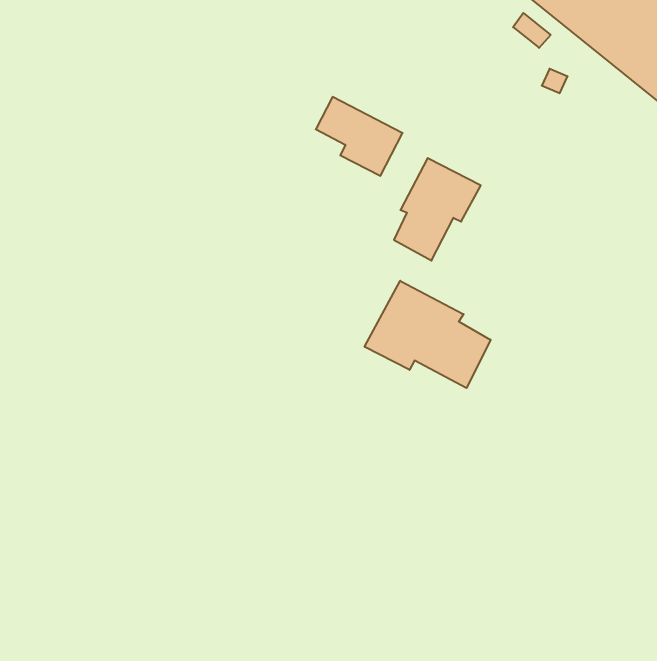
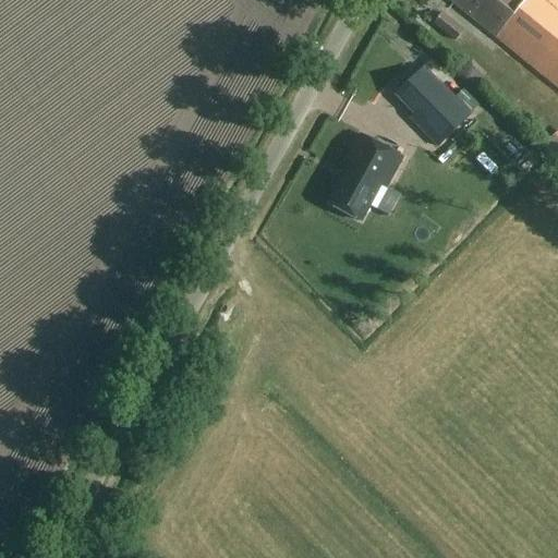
building: [316,97,403,176] -> [386,66,459,133]
building: [365,281,491,388] -> none

